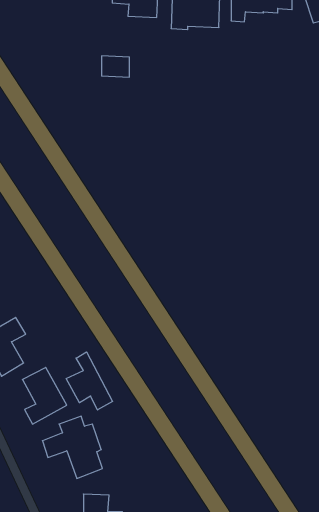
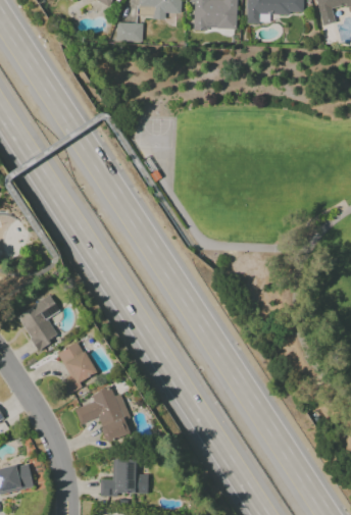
building: [102,56,129,77] -> [116,21,142,41]
building: [66,352,113,410] -> none

